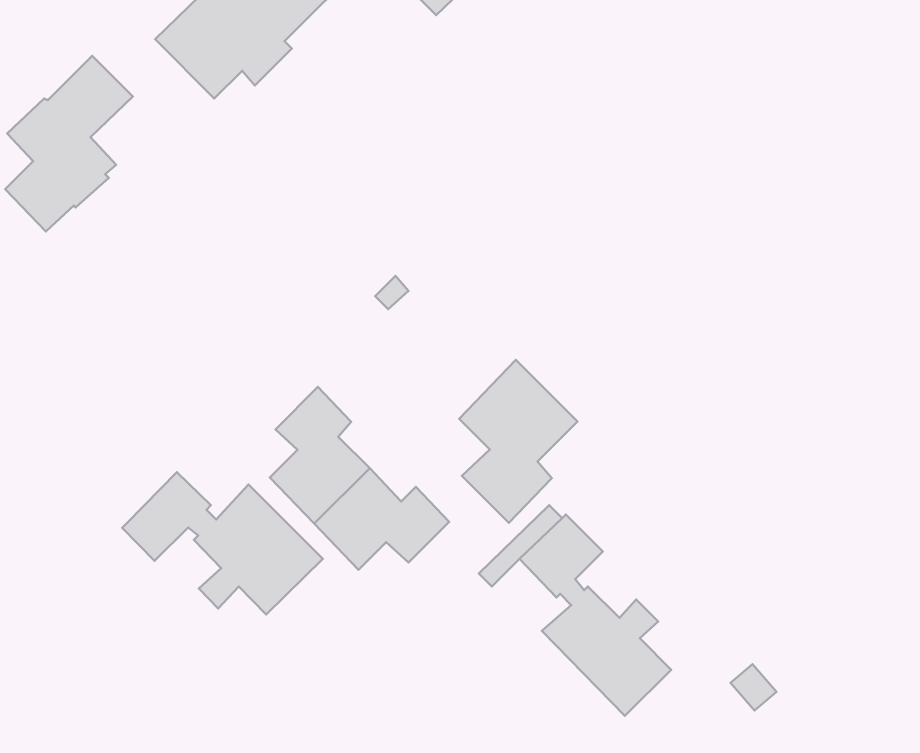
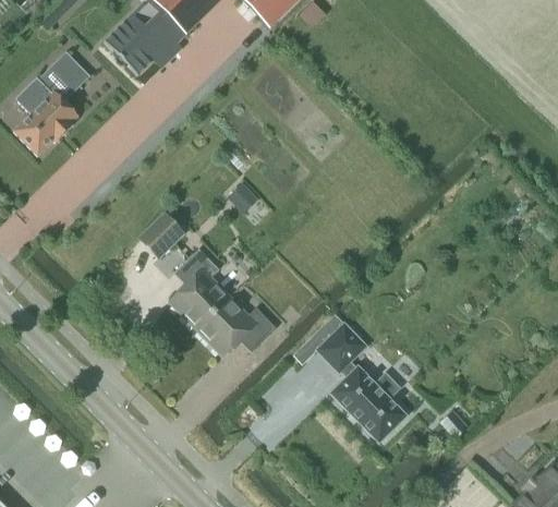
building: none -> [138,212,185,258]
building: [459,360,578,523] -> none
building: [122,472,323,615] -> none

